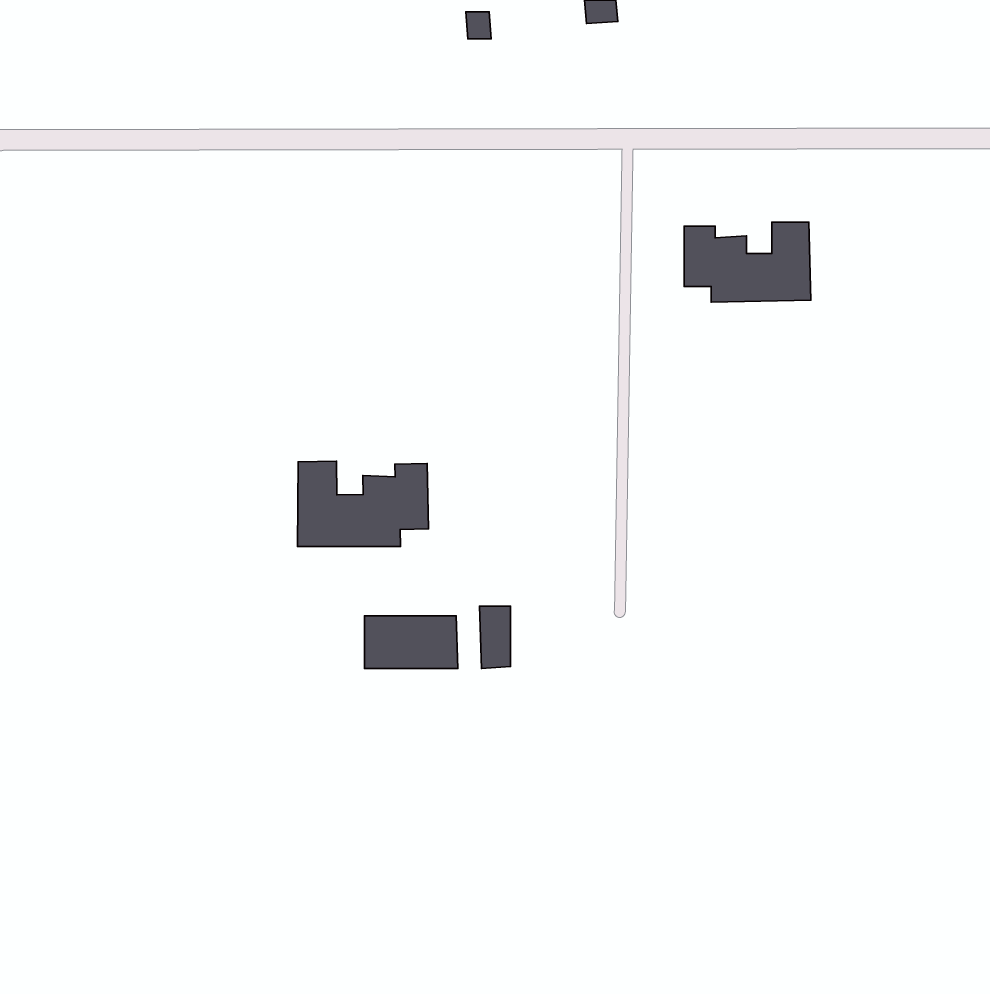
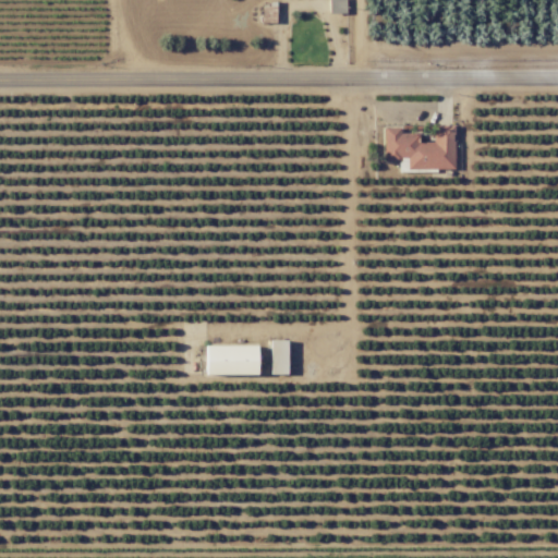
building: [298,461,428,546] -> none

